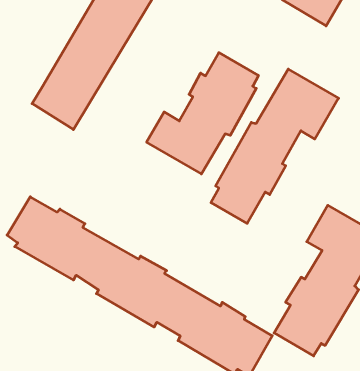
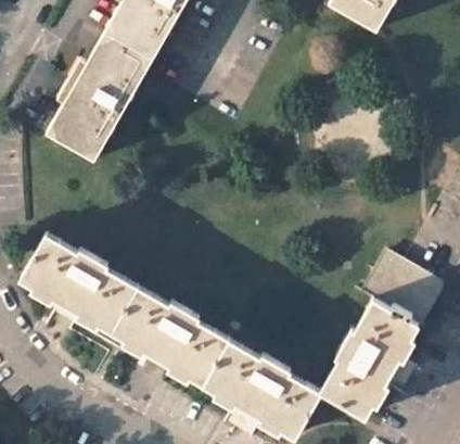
building: [147,53,258,174] -> none
building: [211,69,339,223] -> none

